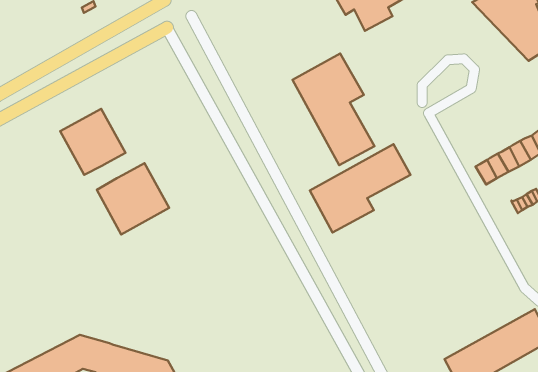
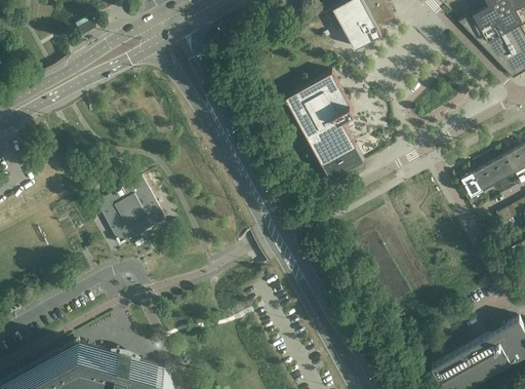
building: [60,109,125,175] -> none
building: [310,144,410,232] -> none

